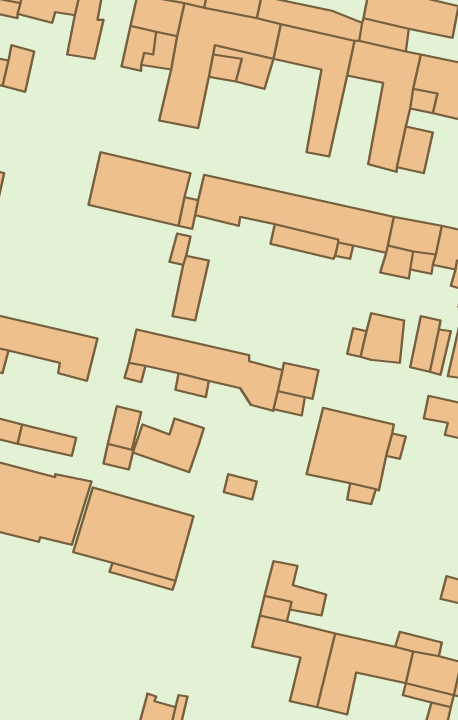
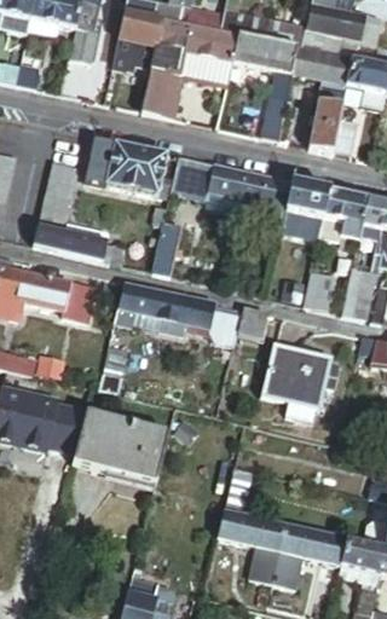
building: none -> [34,162,127,265]
building: [133,419,204,472] -> none

